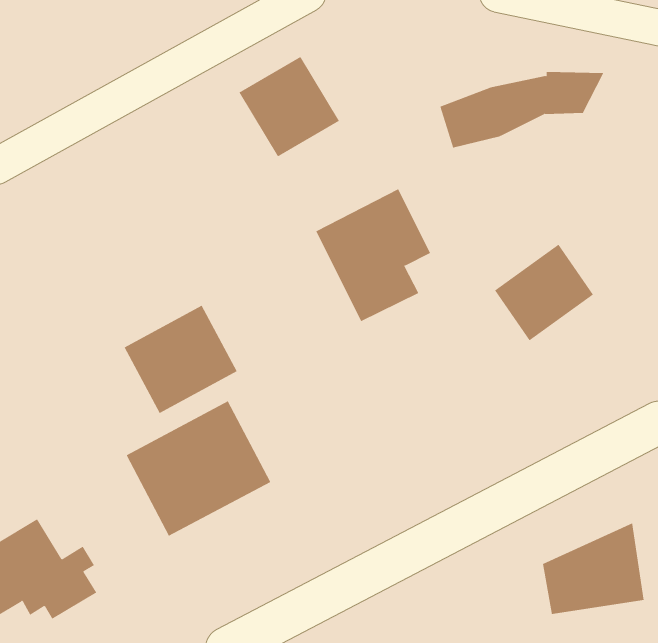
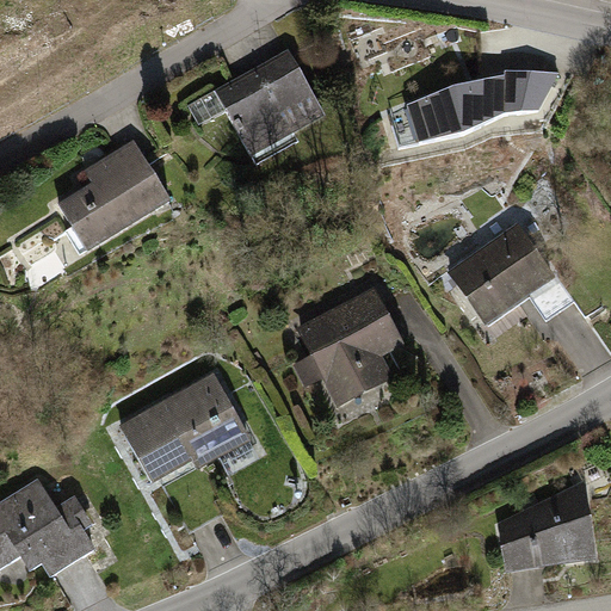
building: none -> [51,147,168,254]
building: [316,188,431,322] -> [300,288,406,411]
building: [124,305,237,414] -> none

